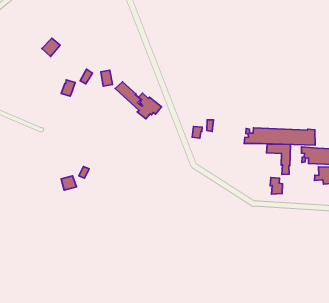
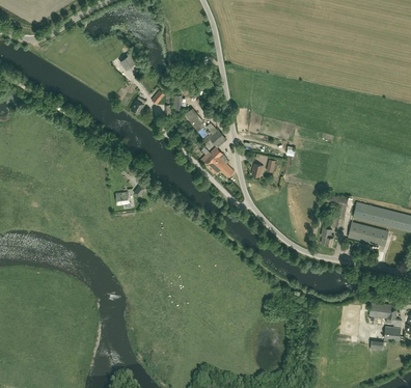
building: none -> [200,146,234,177]
building: [244,128,315,145] -> none

